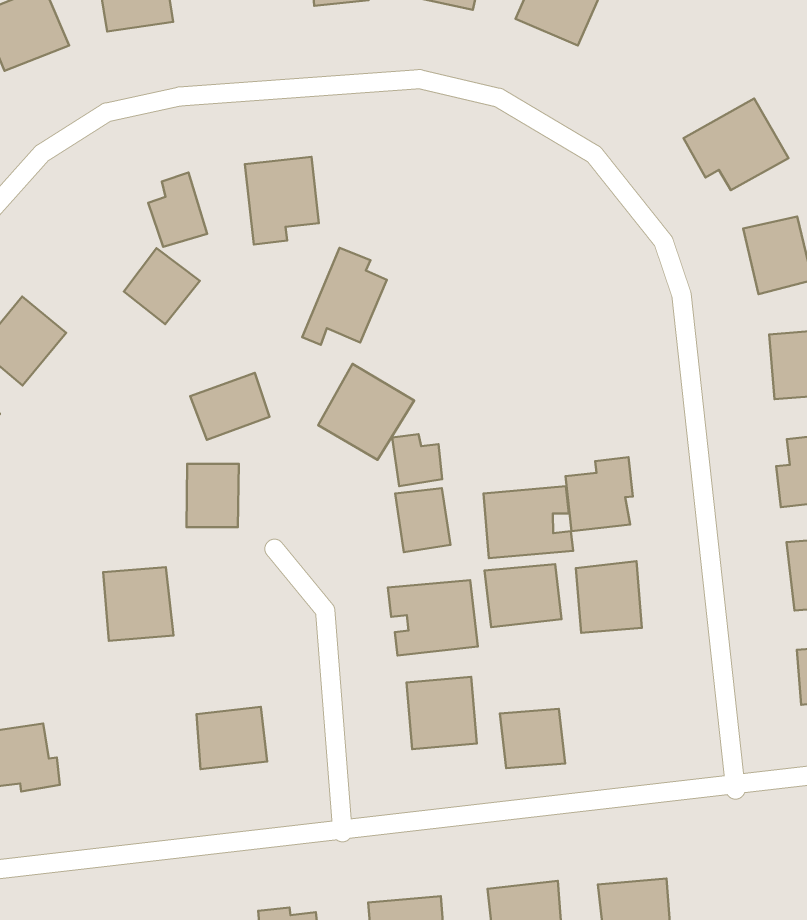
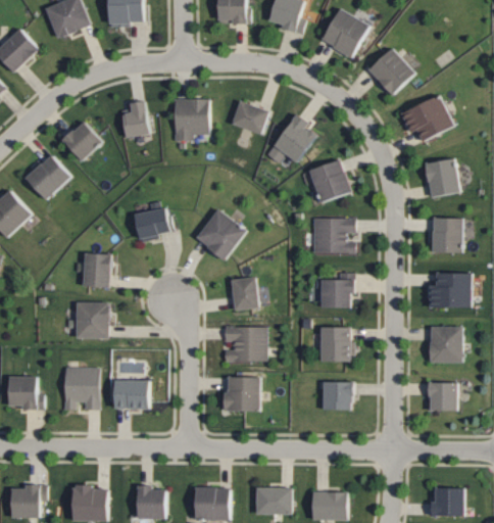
building: none -> [366,47,414,97]
building: none -> [231,100,268,134]
building: none -> [310,160,349,201]
building: [302,248,387,345] -> [268,113,315,163]
building: [124,248,200,324] -> [62,121,102,160]
building: [392,434,442,486] -> none
building: [187,464,239,527] -> [81,252,111,288]
building: [483,486,573,558] -> [309,218,353,252]
building: [484,564,562,627] -> none
building: none -> [62,367,98,410]
building: [500,709,565,768] -> [322,381,352,411]

